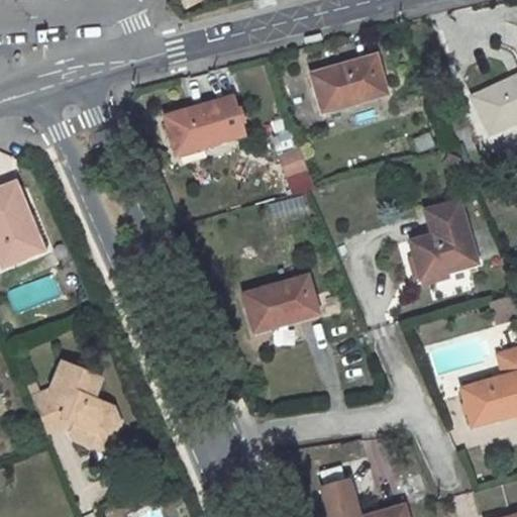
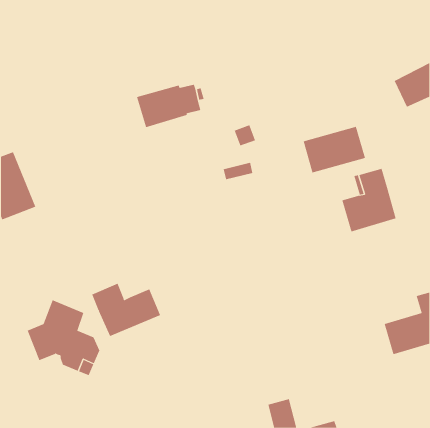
building: [310,56,386,112] -> [303,126,366,173]
building: [242,276,317,331] -> none
building: none -> [92,283,161,337]

